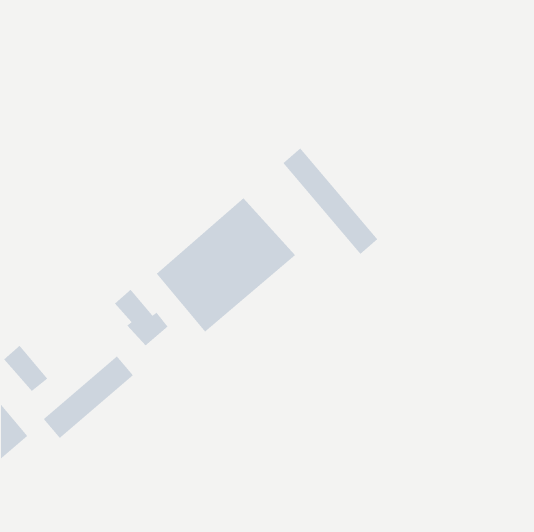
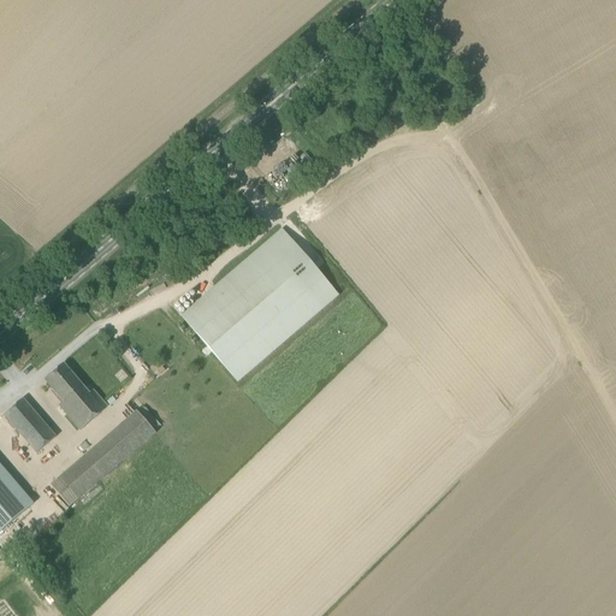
building: [282,147,378,255] -> none
building: [114,289,168,346] -> [45,362,107,428]

